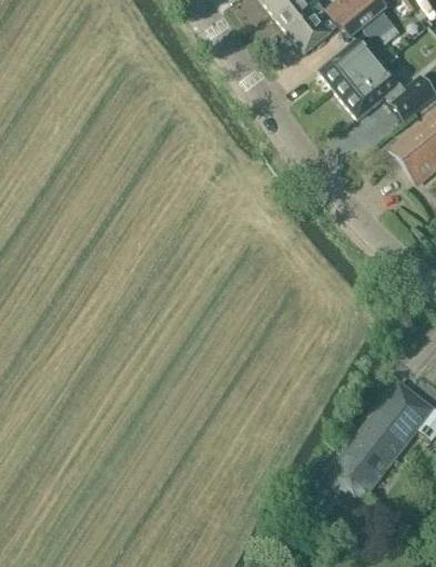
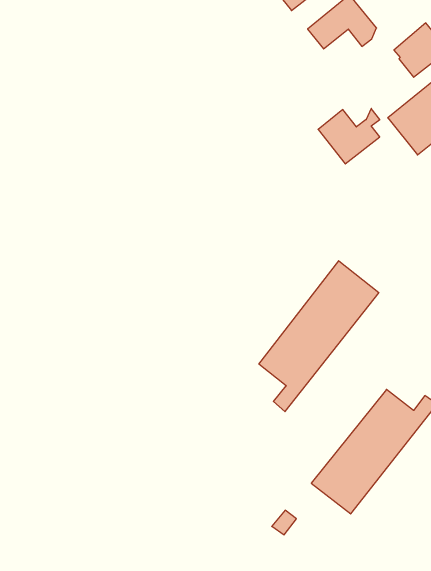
building: [335,67,391,117] -> [318,108,380,164]
building: none -> [259,261,379,412]

